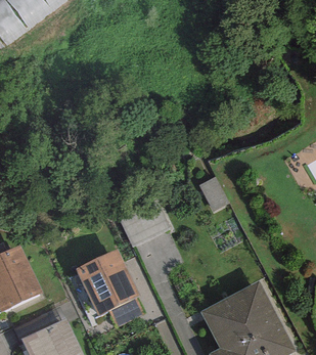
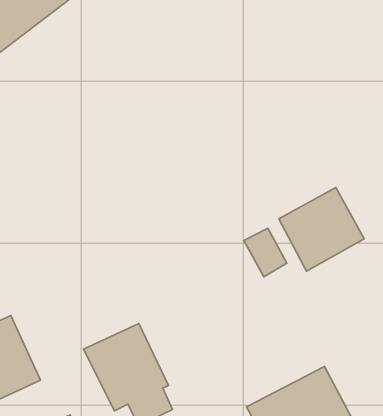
building: none -> [279,188,364,271]
building: [119,201,170,248] -> none

